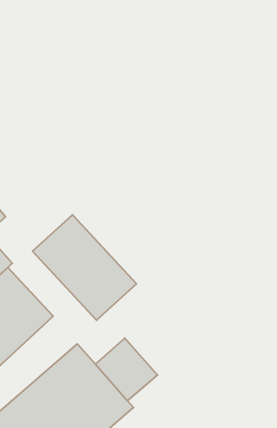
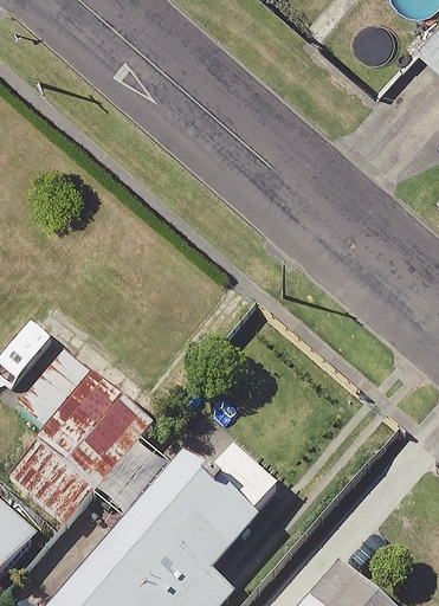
building: [33,215,136,320] -> none

